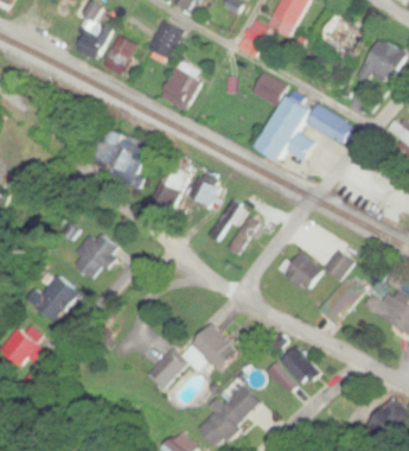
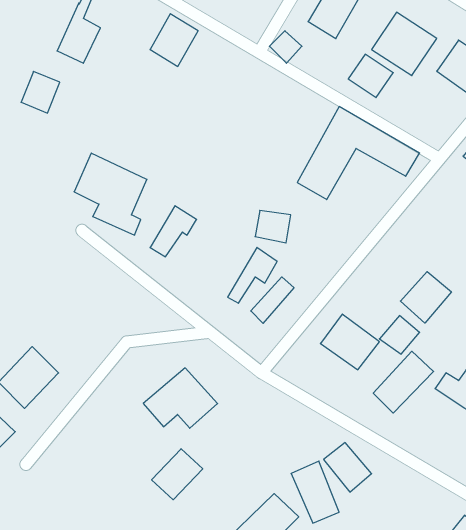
building: [107,33,136,65] -> [21,71,60,113]
building: [159,63,202,109] -> none
building: [253,71,287,104] -> [348,54,393,98]
building: [188,178,216,203] -> [255,210,291,243]
building: none -> [400,272,451,323]
building: [70,230,117,279] -> none
building: [181,325,238,371] -> [143,368,218,428]

